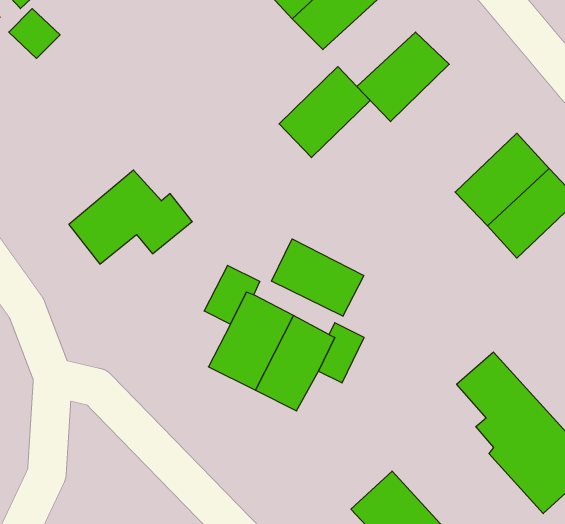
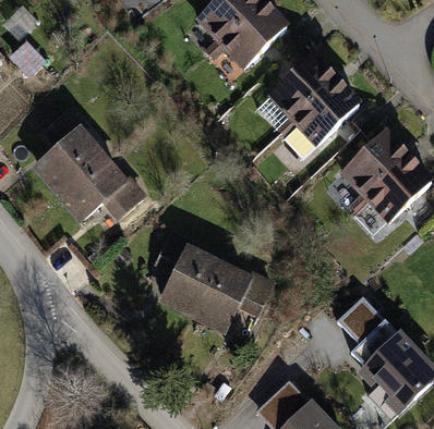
building: [279,67,370,158] -> [291,78,359,146]
building: none -> [28,103,100,197]
building: [272,239,364,316] -> none

